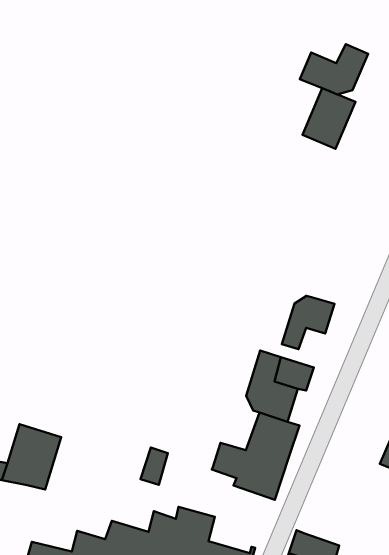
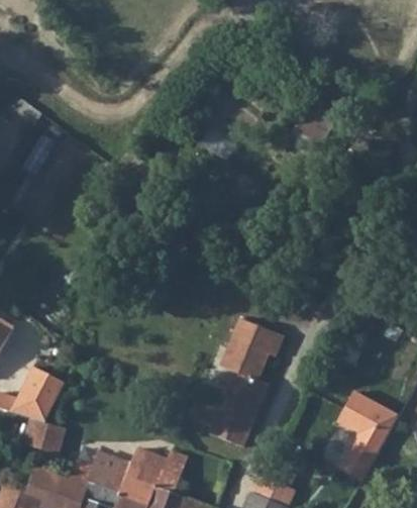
building: [300,44,368,94] -> none
building: [282,296,335,349] -> none
building: none -> [24,418,66,452]

